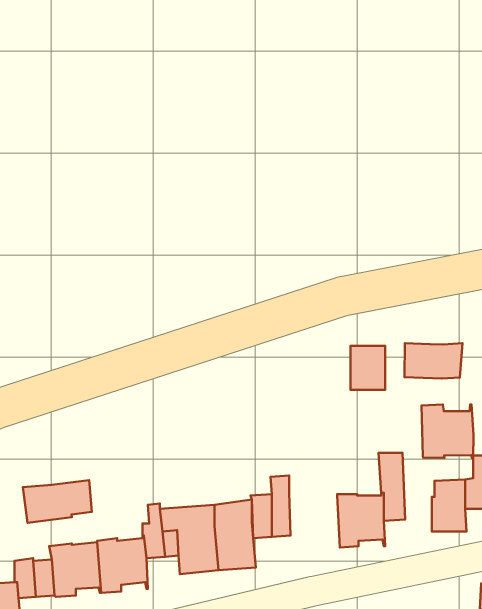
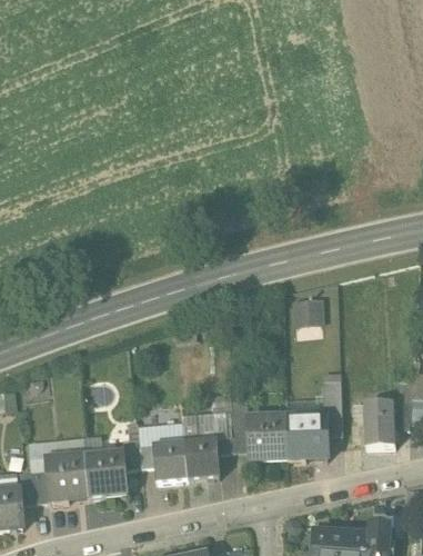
building: [404,343,462,379] -> none
building: [422,404,474,458] -> none
building: [23,480,92,523] -> none
building: none -> [245,416,288,460]

